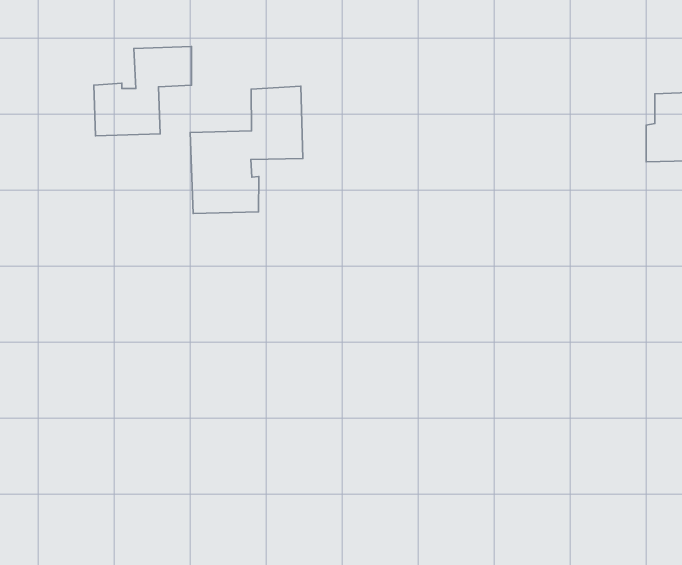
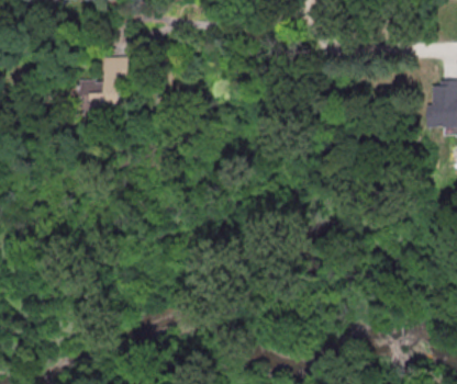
building: [190,86,303,214] -> none

